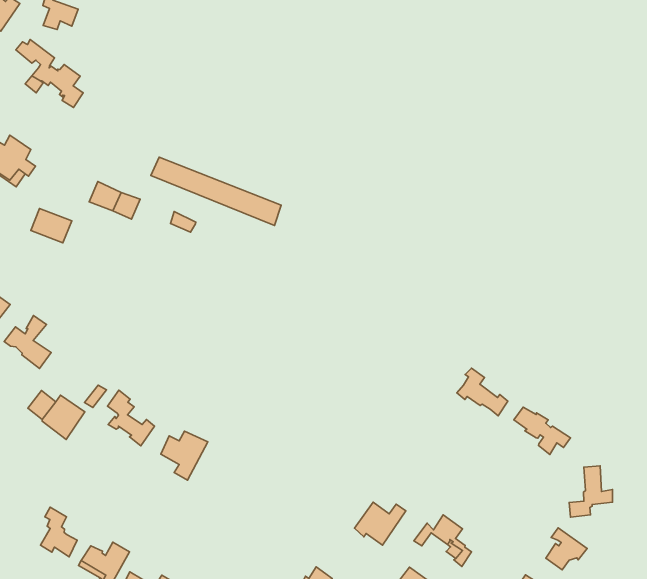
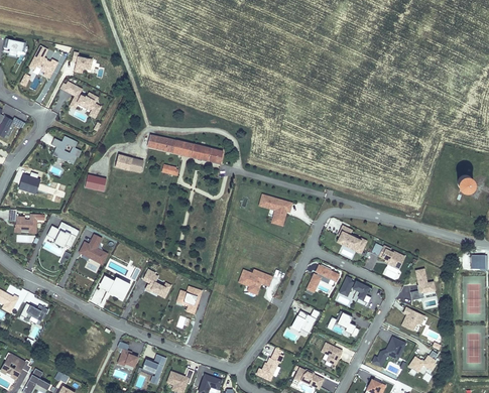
building: none -> [258,193,292,227]
building: none -> [239,270,272,293]
building: none -> [305,264,341,295]
building: none -> [340,276,372,306]

